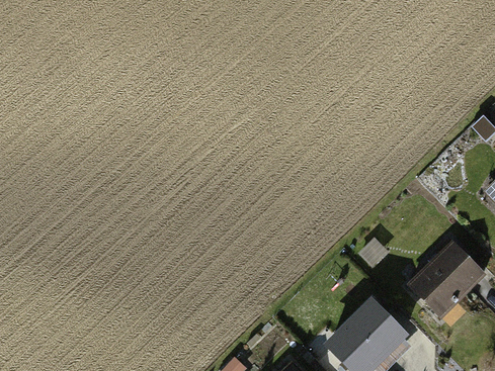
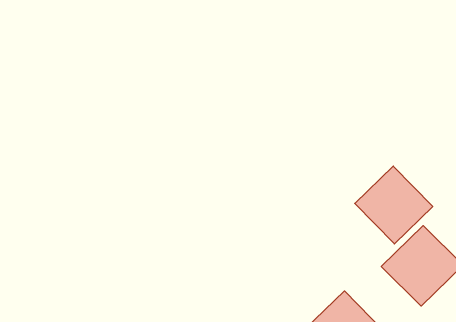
building: none -> [355,166,433,244]

